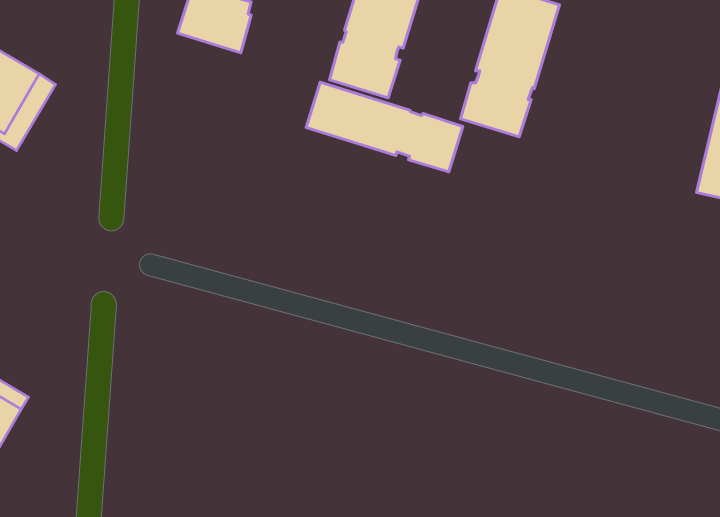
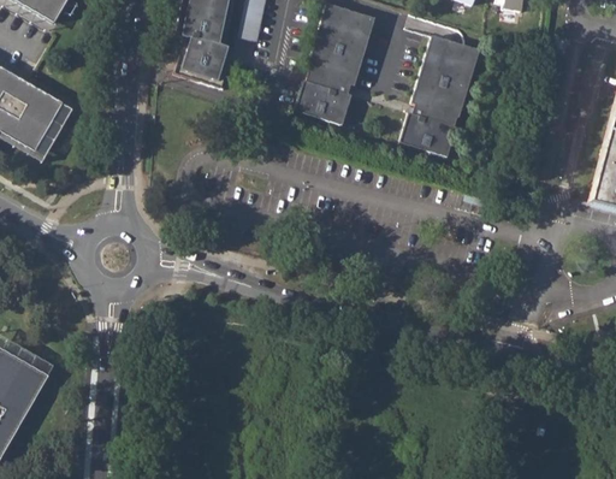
building: [306,82,463,172] -> none

